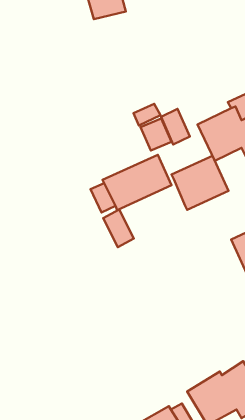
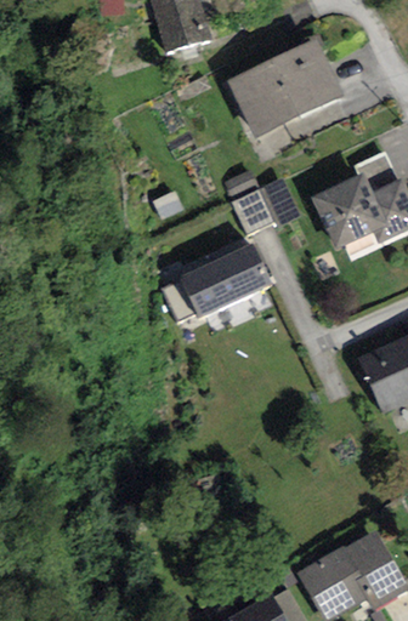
building: none -> [227,36,345,138]
building: [172,156,228,210] -> none
building: [103,209,134,247] -> none

